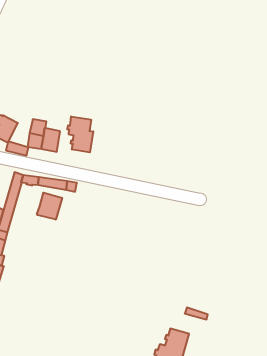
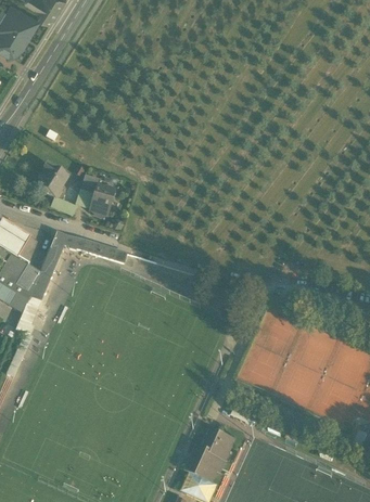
building: [67,116,93,152] -> none
building: [37,193,62,220] -> none

